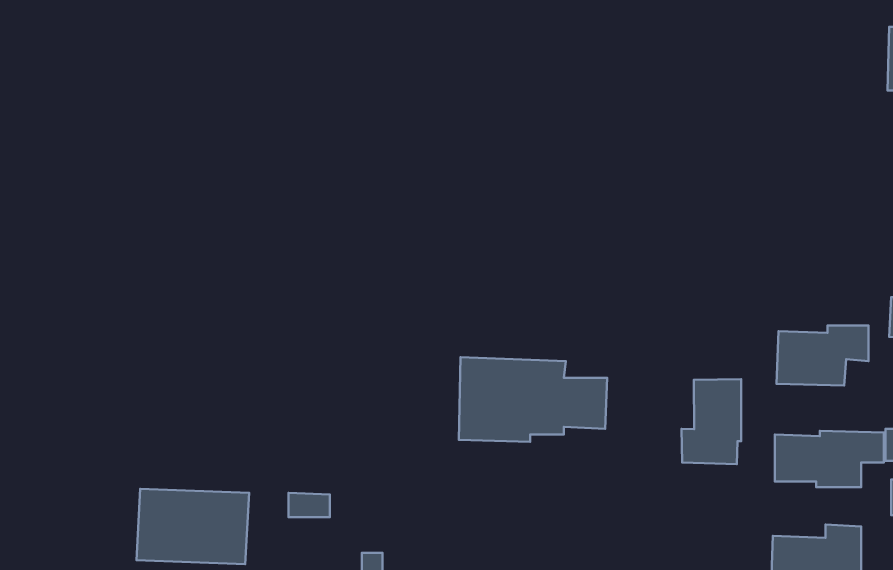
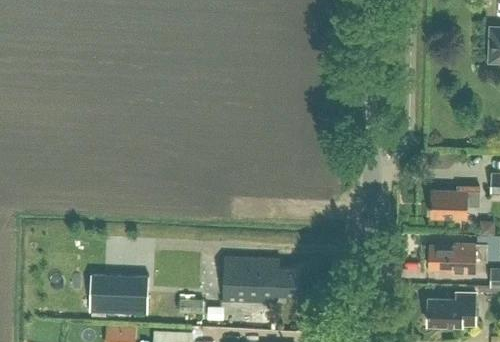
building: [459,357,607,442] -> [222,258,301,303]
building: [681,379,741,464] -> none

